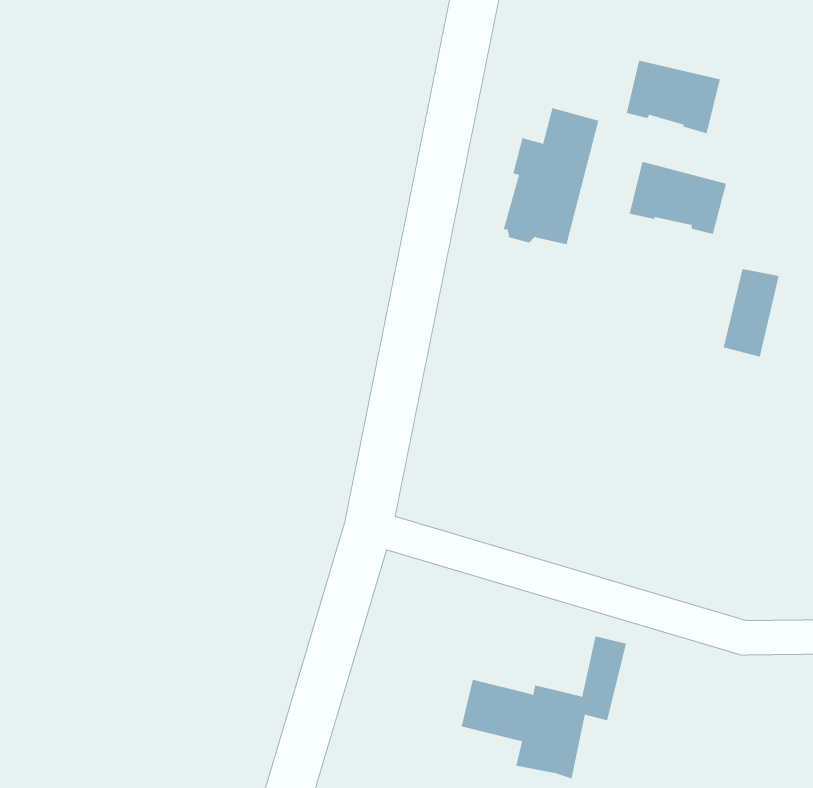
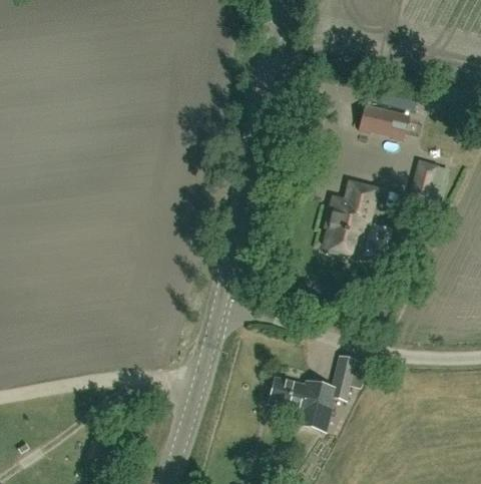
building: [626,60,721,134] -> none
building: [503,107,599,245] -> [326,181,377,255]

